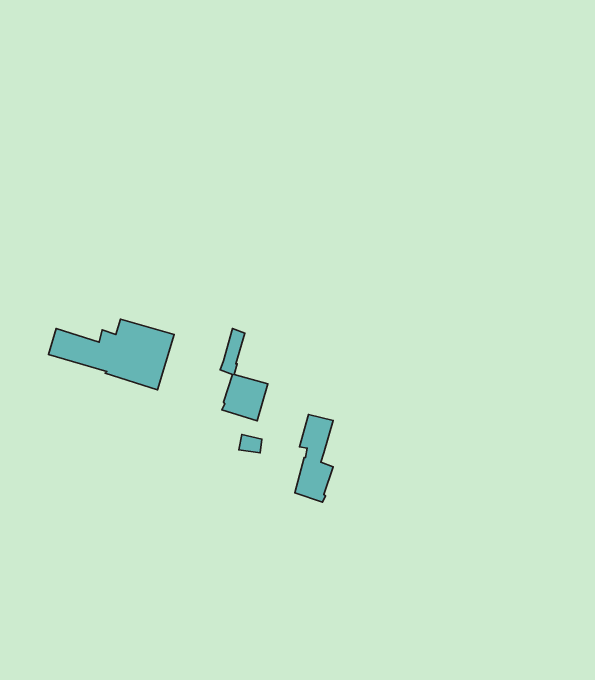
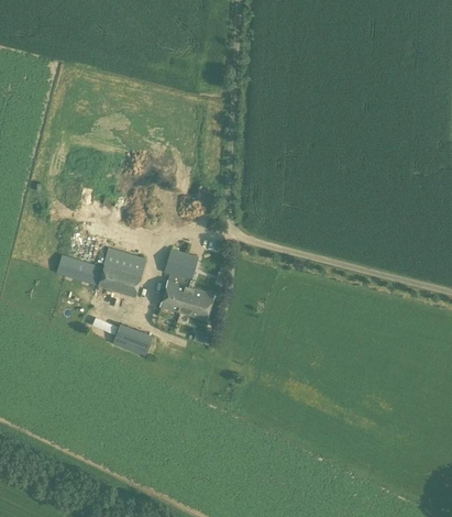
building: [295,414,333,502] -> [161,250,188,312]
building: none -> [112,323,153,355]

